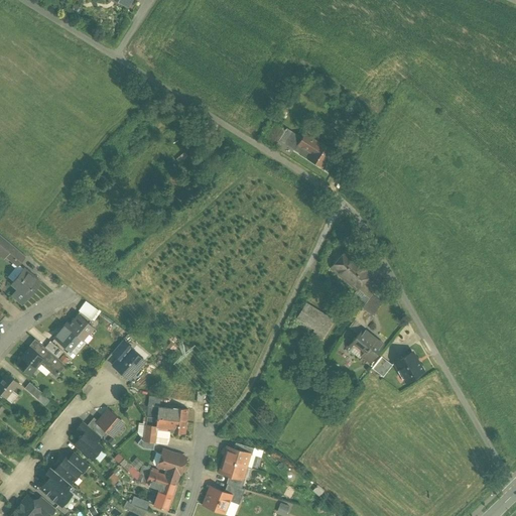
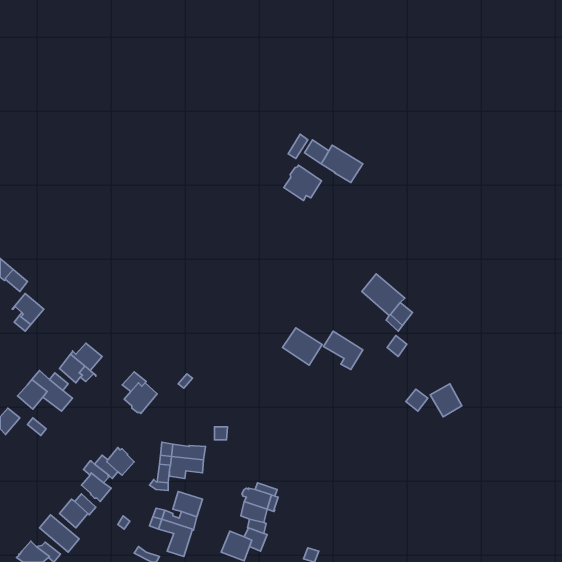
building: none -> [284,165,321,200]
building: none -> [283,328,322,365]
building: [350,329,383,361] -> none

